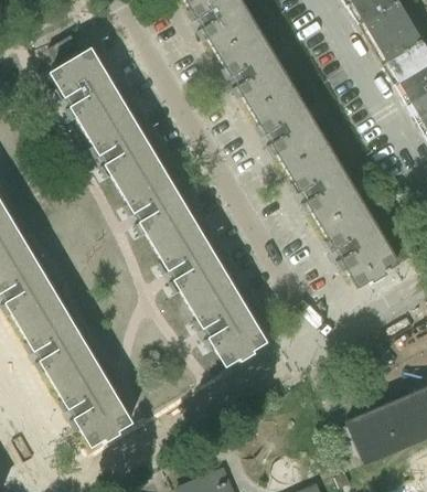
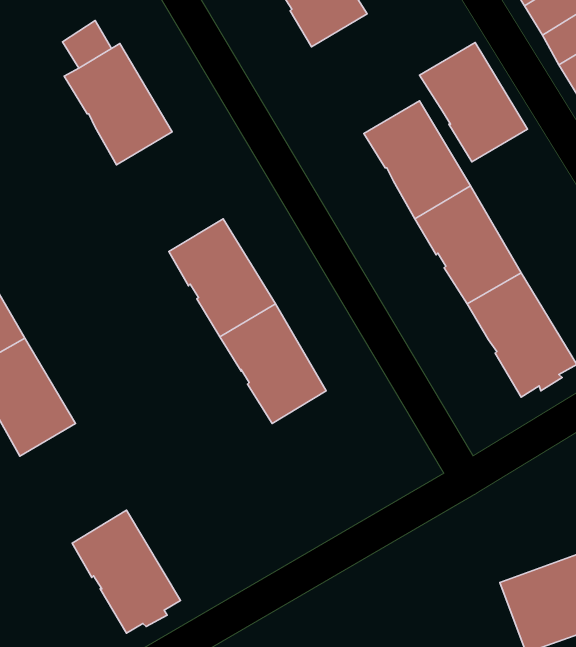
building: [218,31,291,111] -> [419,42,528,162]
building: [87,110,159,191] -> none
building: [192,285,265,367] -> none
building: [22,307,94,387] -> none

